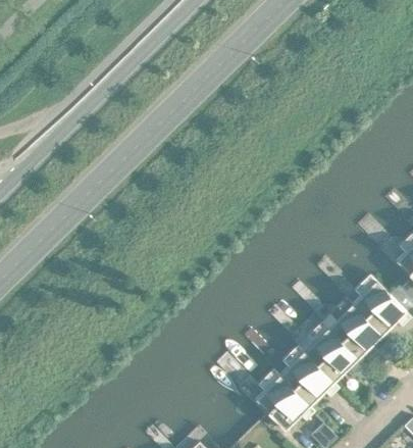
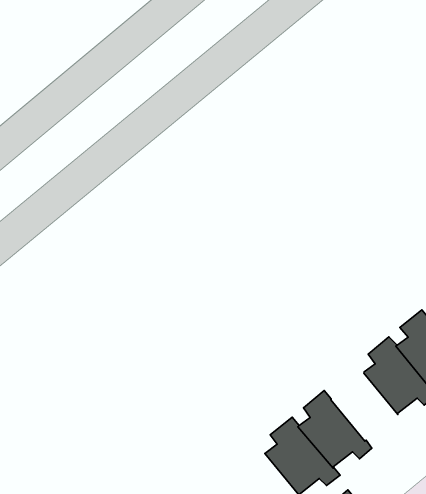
building: [303,319,363,381] -> none

